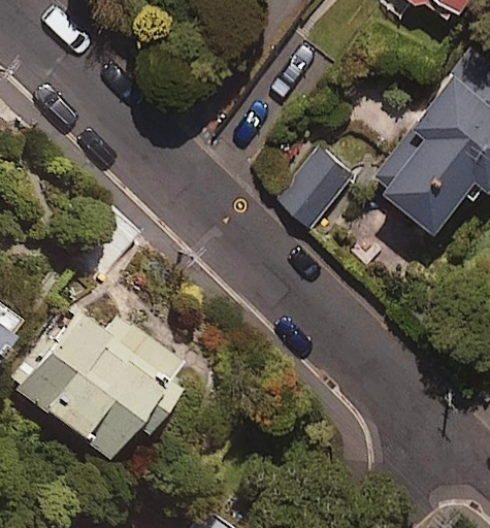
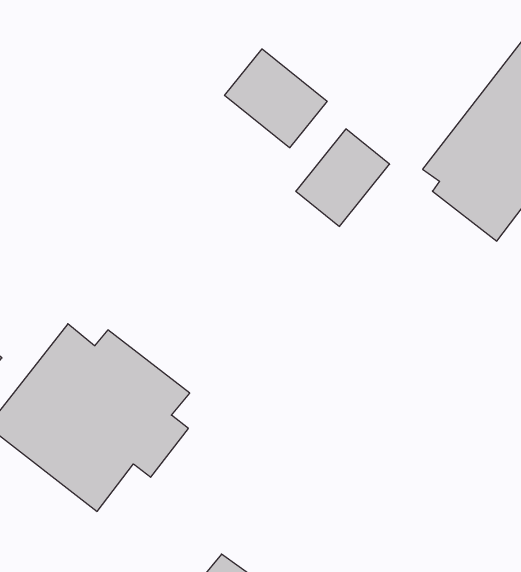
building: none -> [225,49,327,148]

